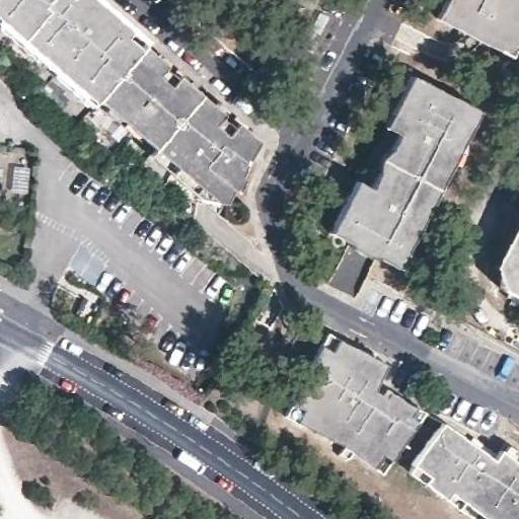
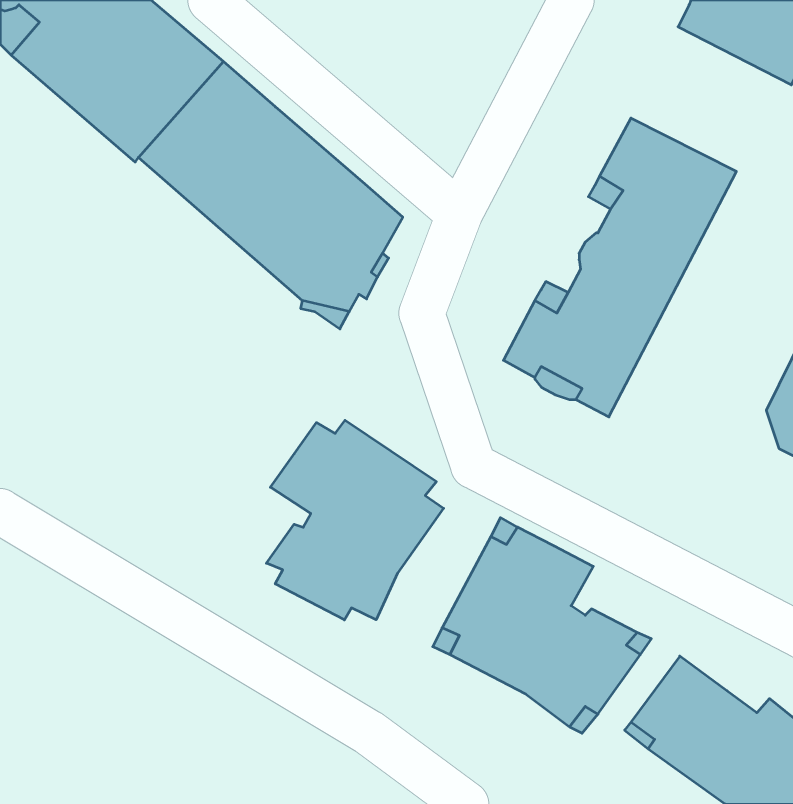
building: none -> [266,420,444,620]

